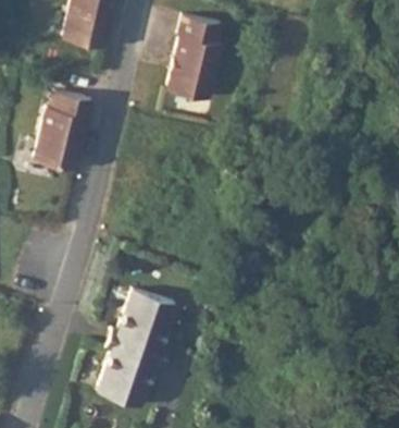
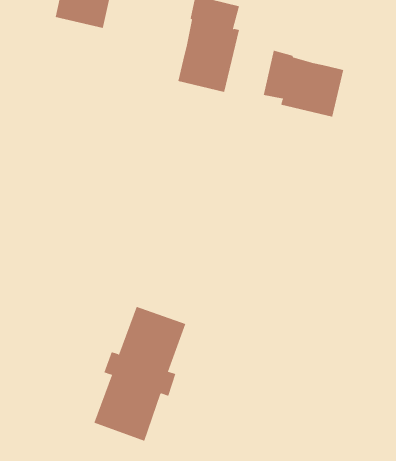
building: none -> [263,50,344,117]
building: [34,91,91,171] -> none

